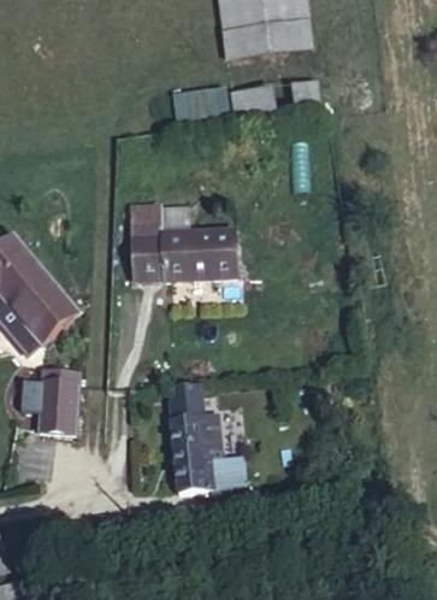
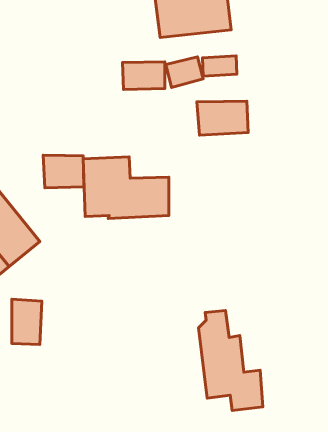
building: none -> [197,101,248,135]
building: none -> [43,155,84,188]
building: [171,381,252,506] -> [199,311,263,411]

